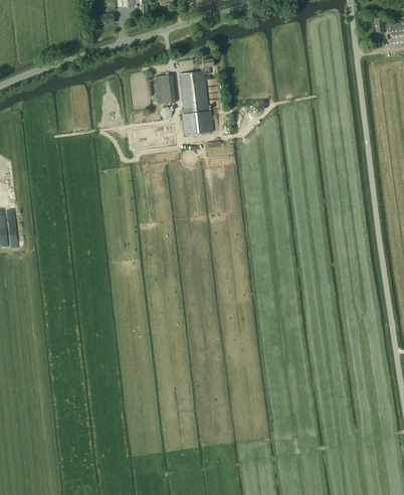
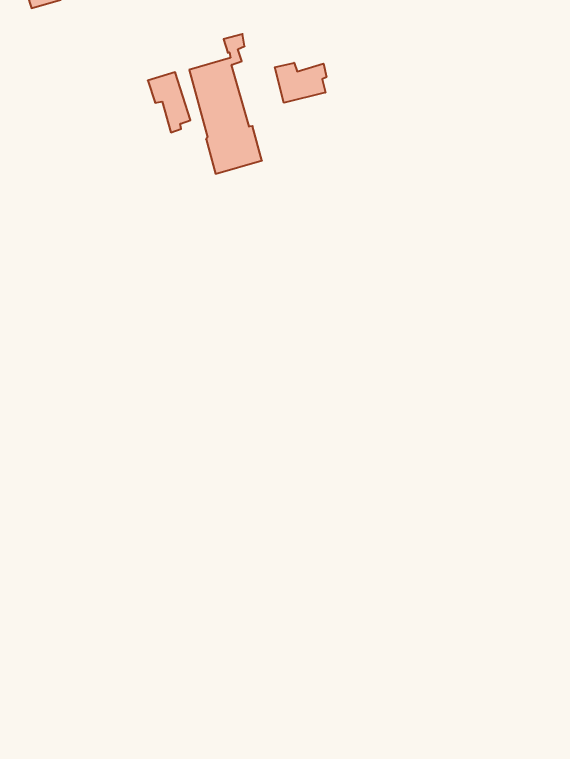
building: none -> [275,63,326,103]

